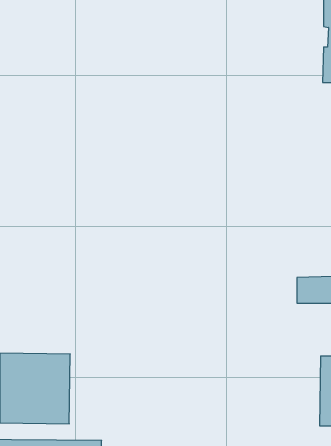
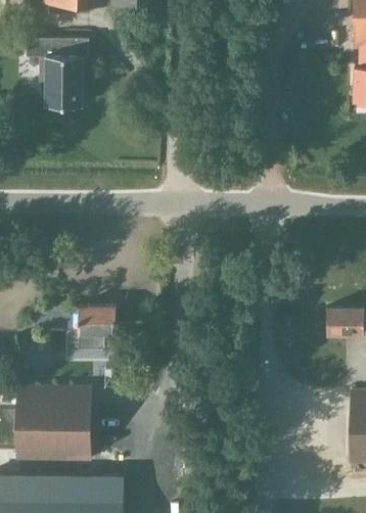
building: none -> [27,39,87,104]
building: none -> [65,305,116,347]

